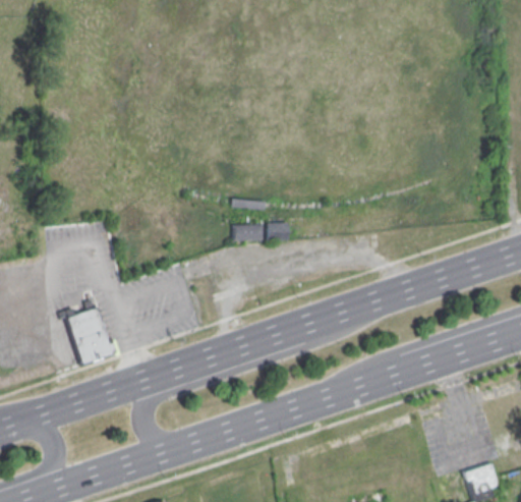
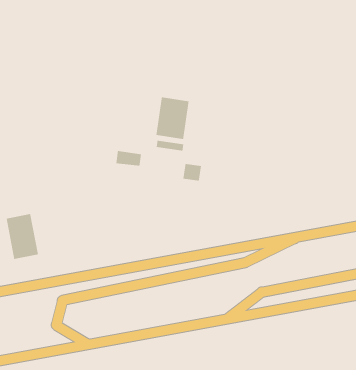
building: none -> [156,97,189,140]
building: [233,226,263,241] -> [115,151,142,166]

